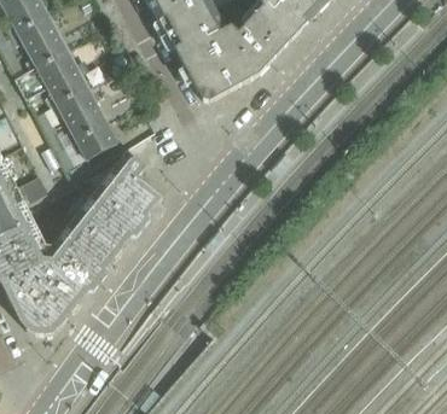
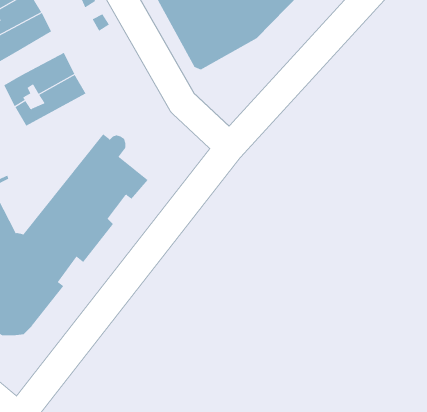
building: [45,66,88,105] -> none
building: [54,121,118,180] -> none

